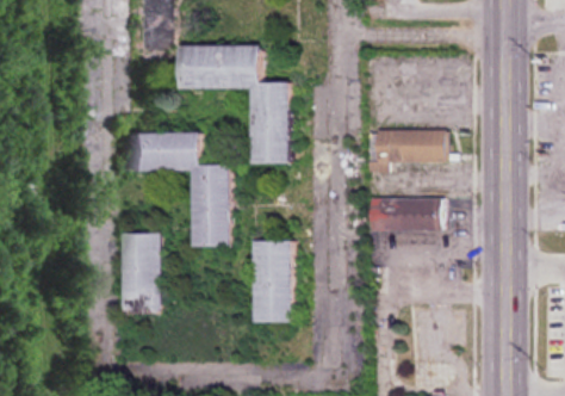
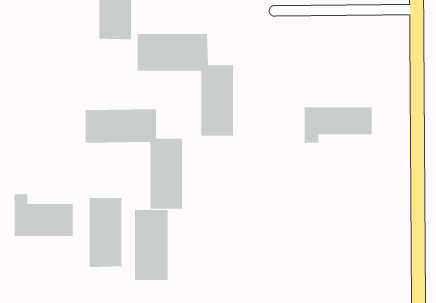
building: [370,199,440,231] -> none
building: none -> [14,193,73,237]
building: [253,241,292,322] -> [134,210,169,281]

